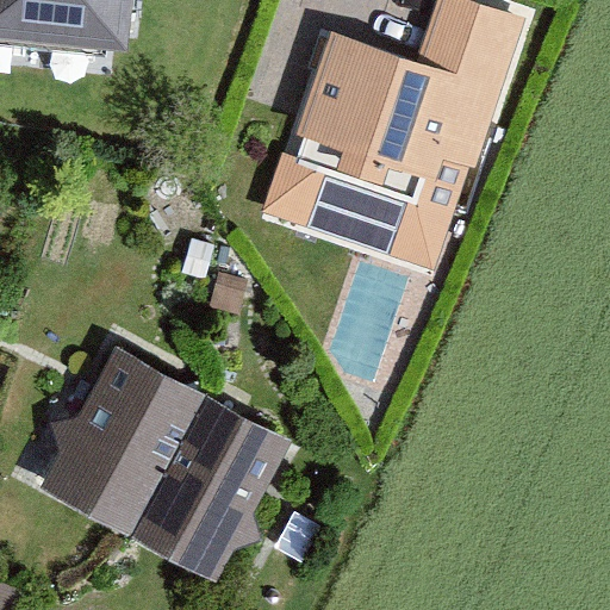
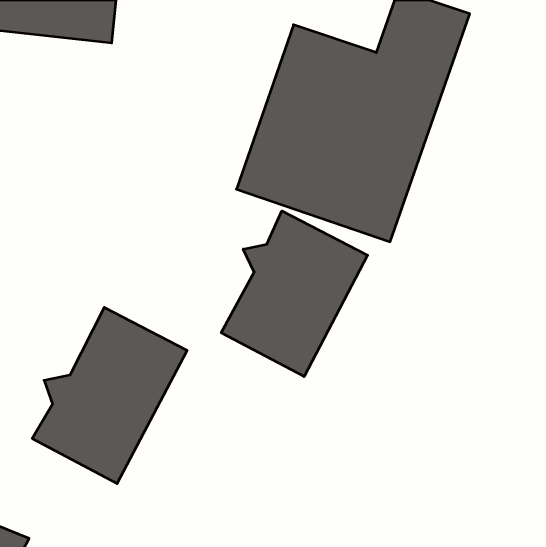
building: none -> [221,211,368,377]
building: [130,391,292,586] -> none

